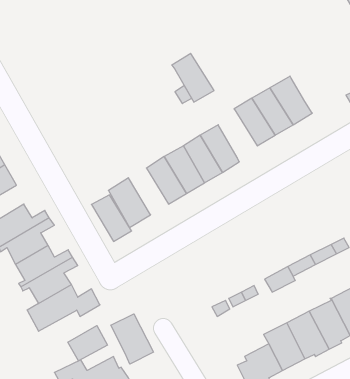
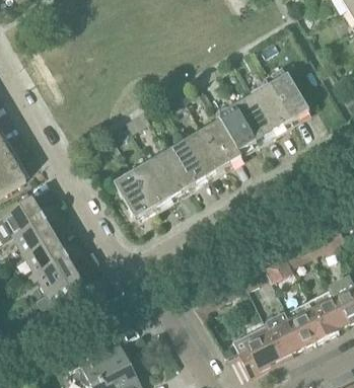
building: [172,53,214,102] -> [216,105,257,152]
building: [91,195,132,241] -> [133,162,171,207]
building: [111,314,153,364] -> none
building: [68,326,107,361] -> none

